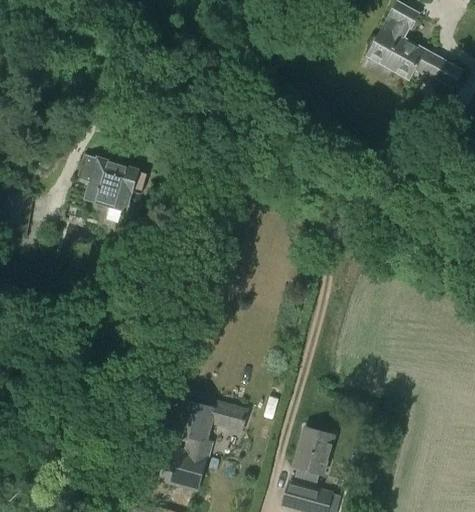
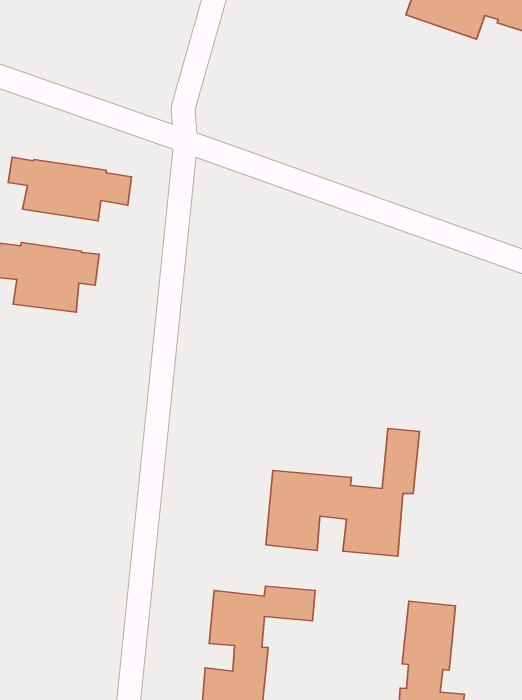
building: none -> [8,157,131,221]
building: none -> [266,428,420,556]

